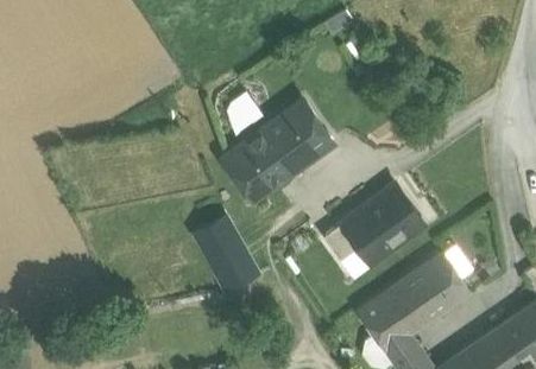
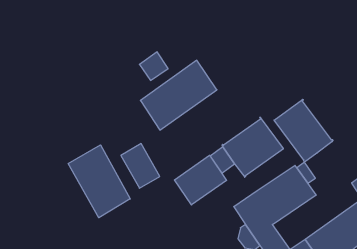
building: none -> [274,99,333,162]
building: none -> [68,145,130,218]
building: none -> [174,155,227,205]

